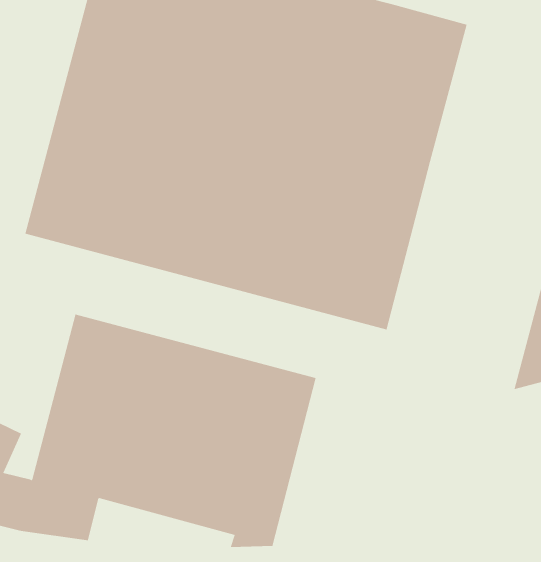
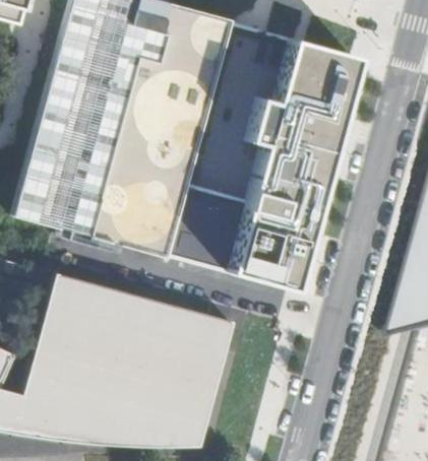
building: none -> [67,411,176,448]

